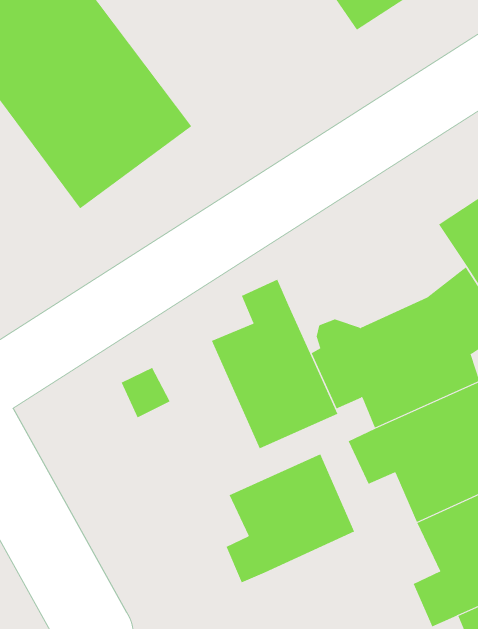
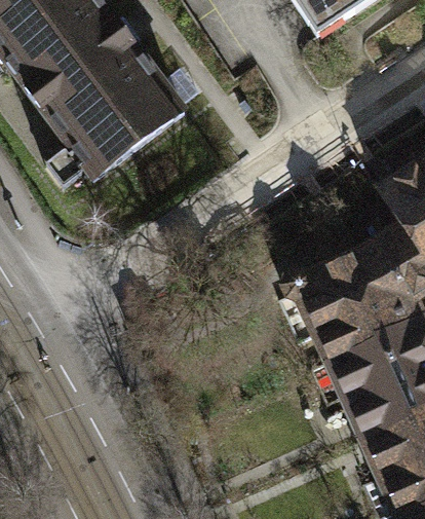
building: [211,279,338,449] -> none
building: [226,453,355,583] -> none

